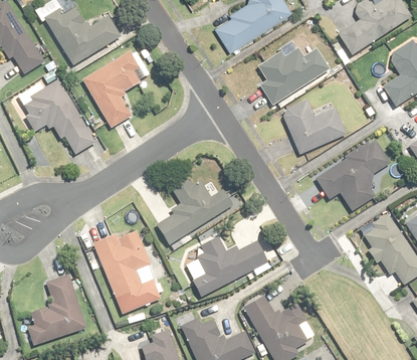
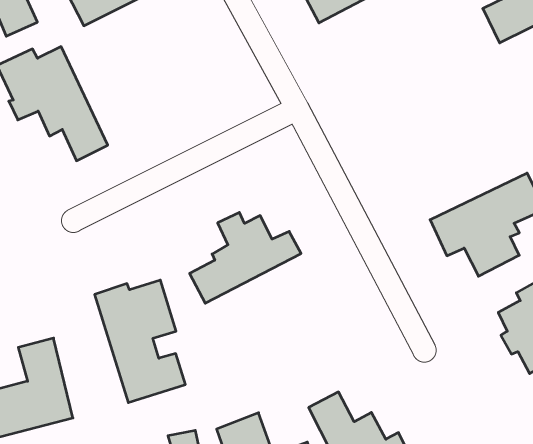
building: [258,49,328,104] -> none
building: [82,51,140,128] -> none
building: [281,100,347,153] -> none
building: [186,236,269,296] -> none

